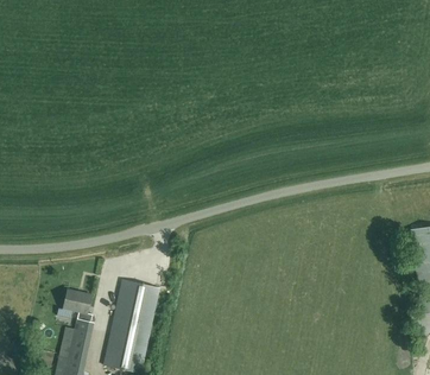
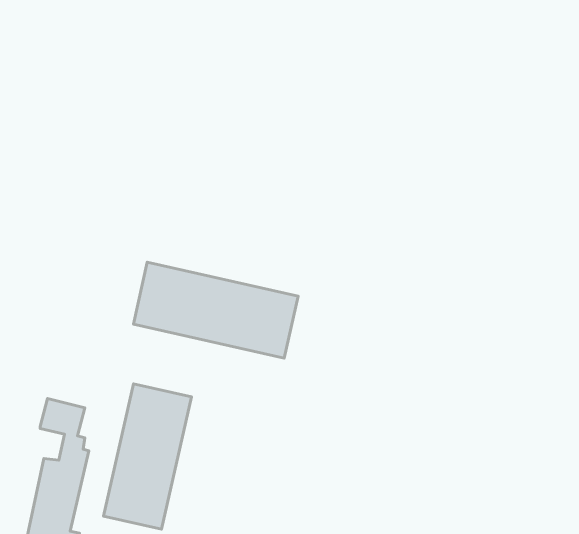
building: none -> [133,262,298,358]

